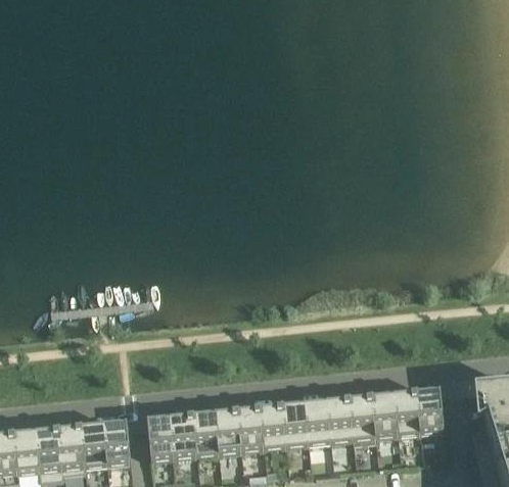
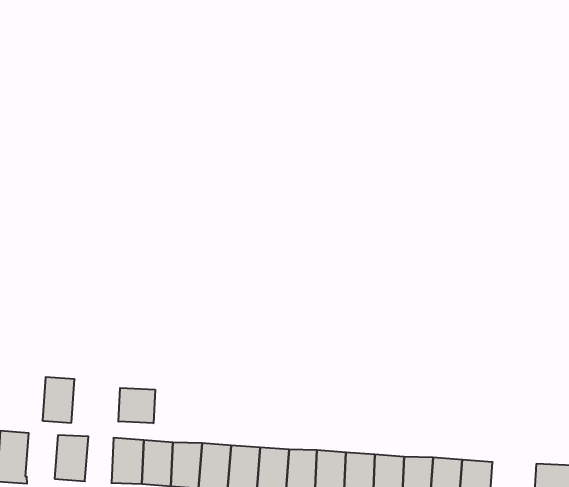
building: none -> [118,388,155,423]
building: [82,427,107,462] -> [42,377,75,423]

